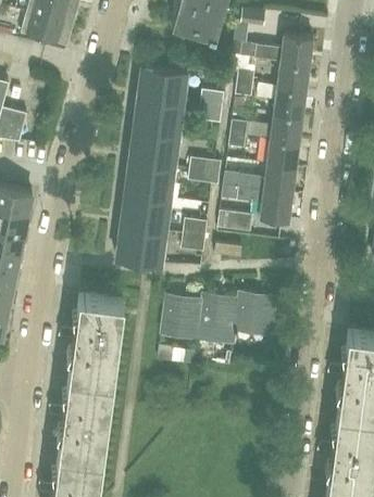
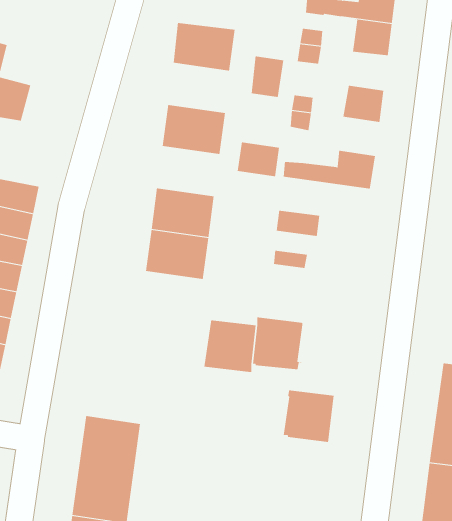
building: [275,86,307,116] -> none
building: [134,94,183,133] -> none
building: [267,137,300,167] -> none
building: [125,160,175,199] -> none
building: [222,183,292,219] -> none
building: [182,218,208,251] -> none
building: [70,292,124,377] -> none
building: [236,292,276,333] -> [283,390,334,443]

